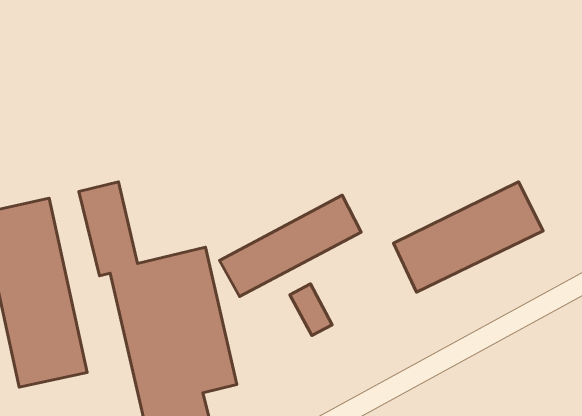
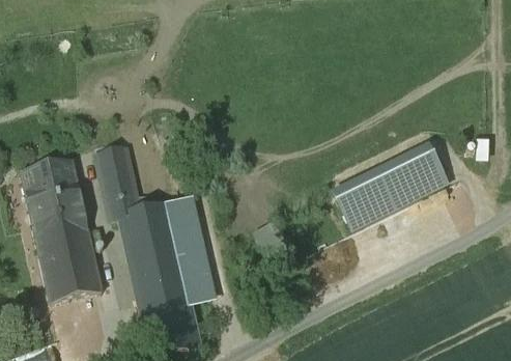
building: [219,195,361,297] -> none

